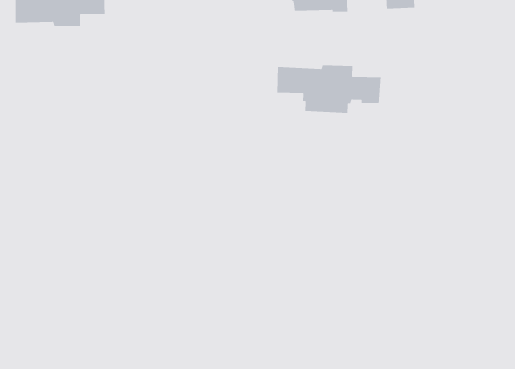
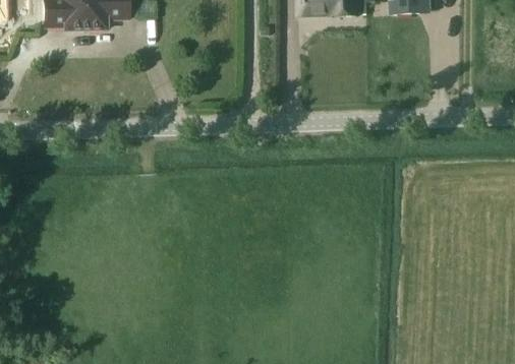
building: [276,65,381,114] -> none

